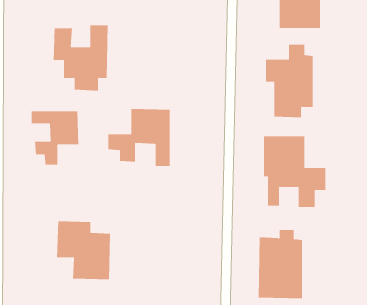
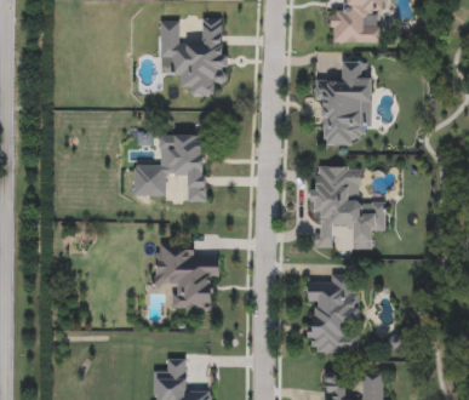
building: [53,25,108,91] -> [160,18,224,95]
building: [31,111,79,165] -> none
building: [56,221,111,280] -> [154,242,217,310]

